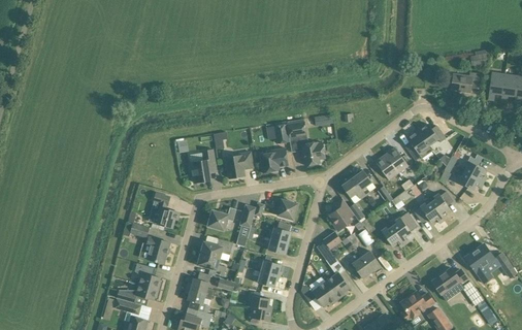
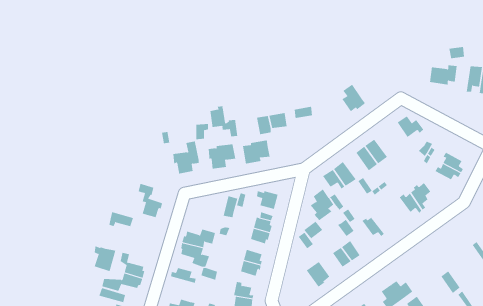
building: none -> [210,105,238,137]
building: [405,130,430,159] -> [341,84,366,112]
building: [300,141,325,165] -> none
building: [206,206,235,230] -> none
building: [391,211,417,243] -> none
building: [146,236,169,263] -> [94,245,116,272]
building: [464,243,493,271] -> none
building: [431,267,466,294] -> none
building: [300,280,336,306] -> none
building: [184,287,211,312] -> none

